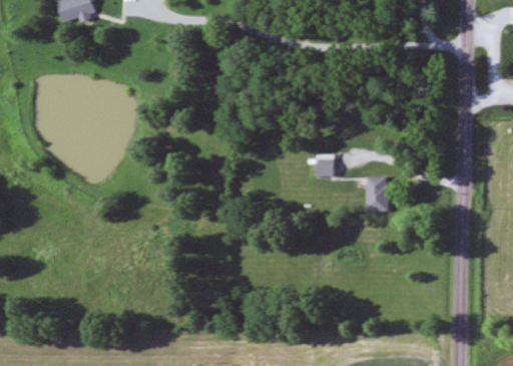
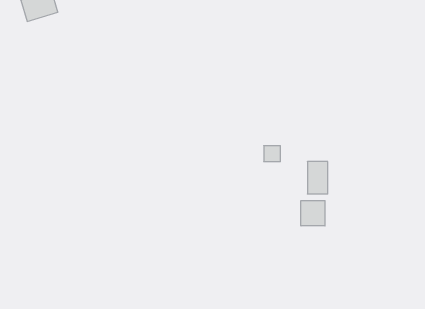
building: none -> [301,201,325,226]

